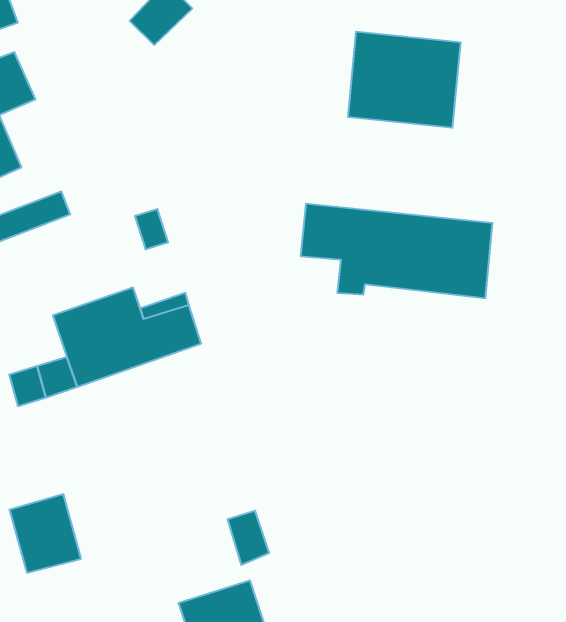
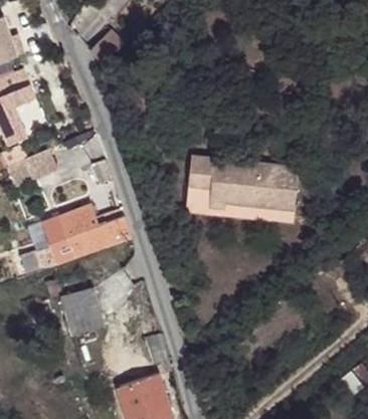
building: [348,32,460,128] -> none
building: none -> [186,187,295,223]
building: [9,494,81,573] -> [62,287,104,333]

